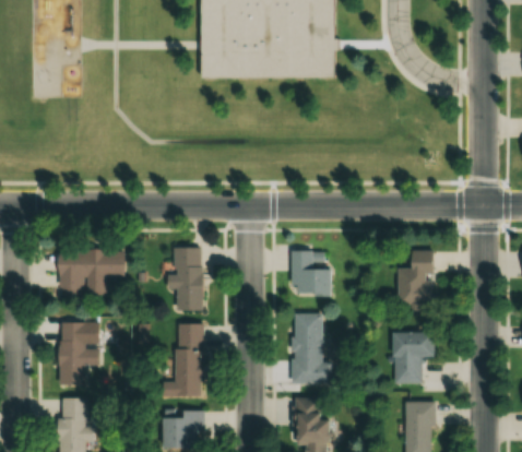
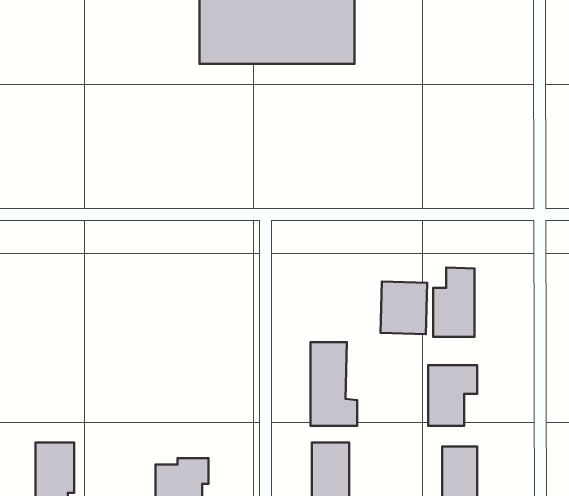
building: [171,247,204,310] -> none
building: [60,249,126,296] -> none
building: [292,250,331,295] -> [381,281,427,334]
building: [60,322,102,385] -> none
building: [164,323,205,396] -> none

